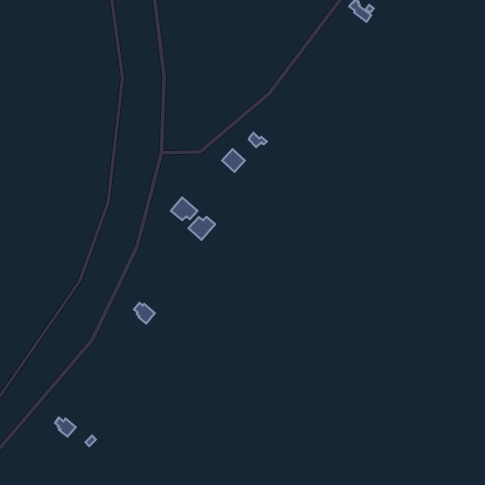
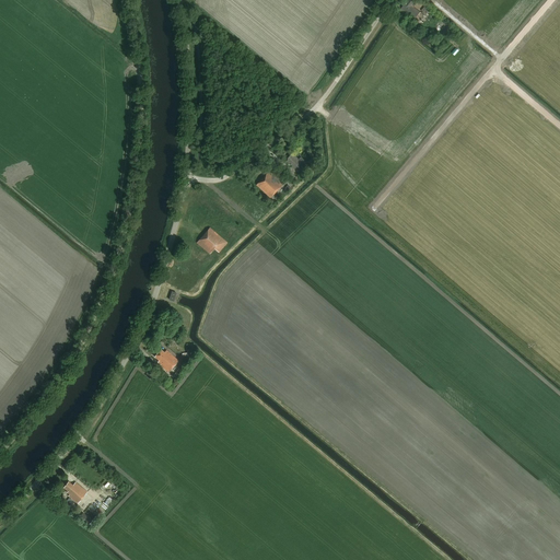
building: [189,217,215,240] -> none

